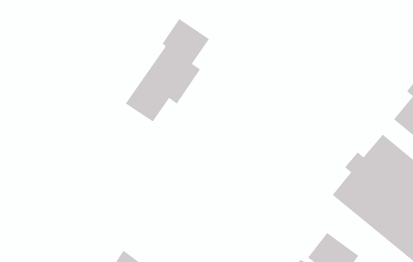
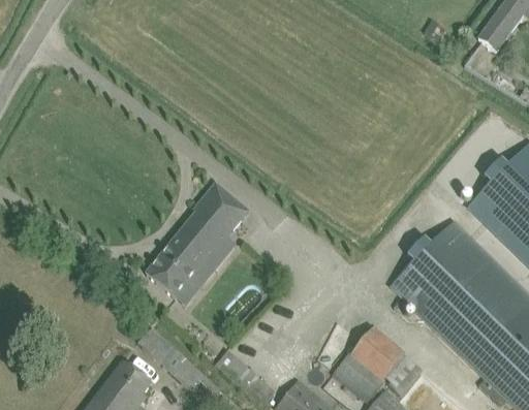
building: [125,18,210,122] -> [146,184,248,298]

